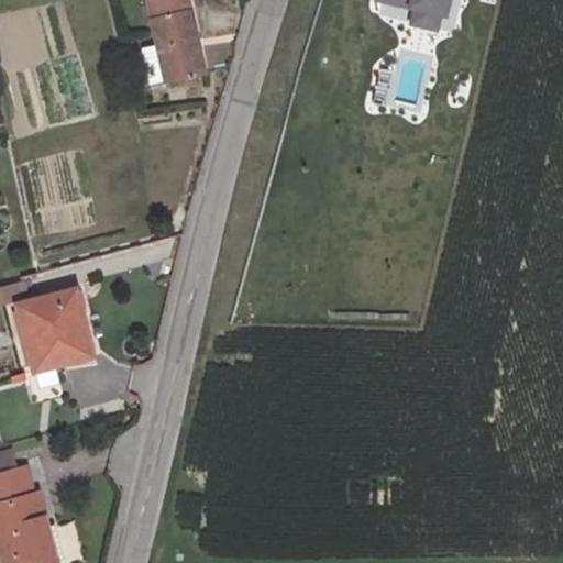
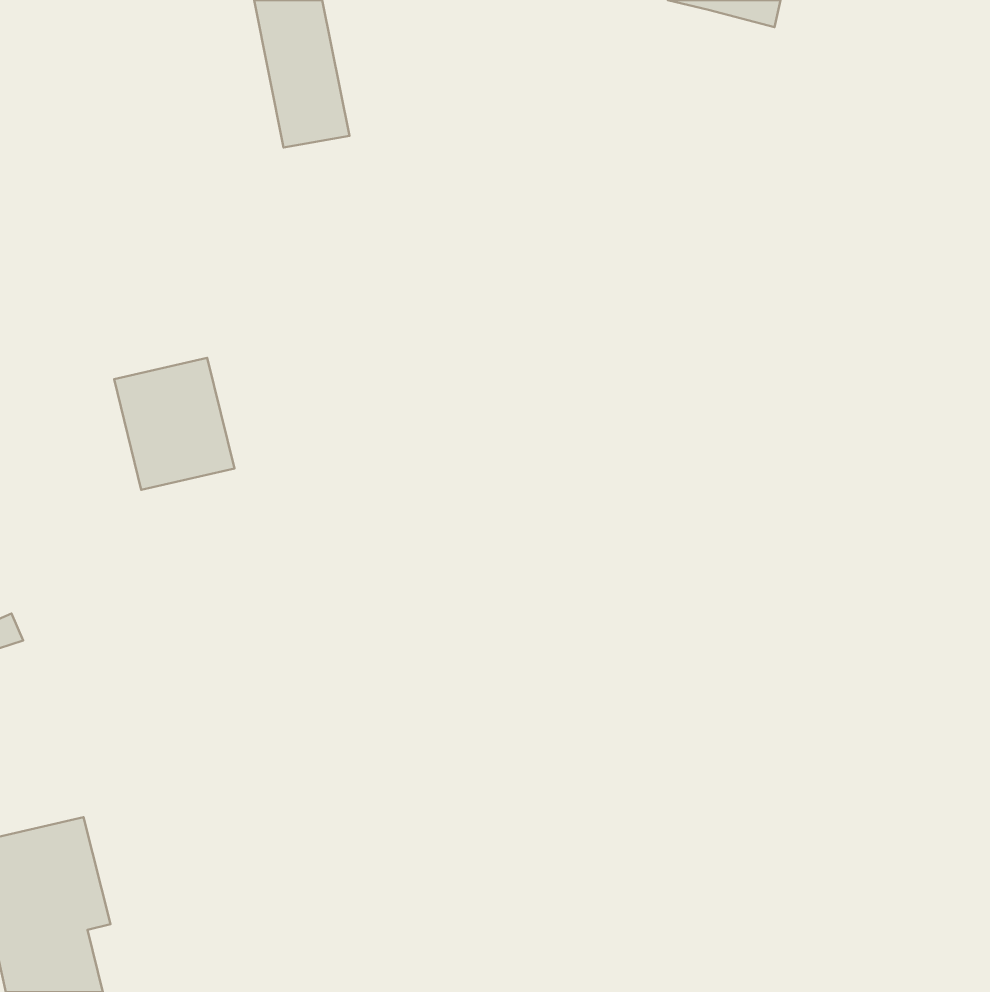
building: [22,297,90,372] -> [114,358,234,490]

